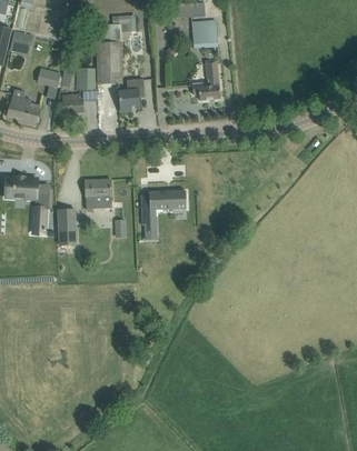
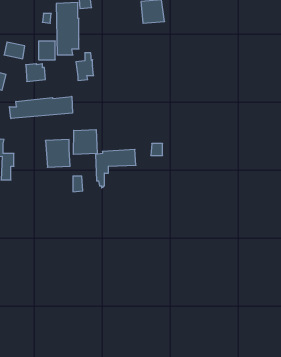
building: [191,59,219,100] -> none
building: none -> [9,96,72,119]
building: none -> [74,130,97,154]
building: [57,209,77,247] -> none

